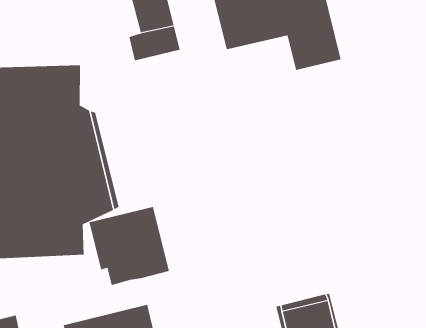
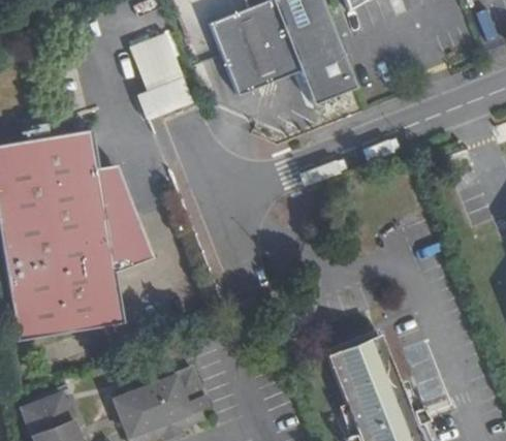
building: [89,206,170,286] -> none

